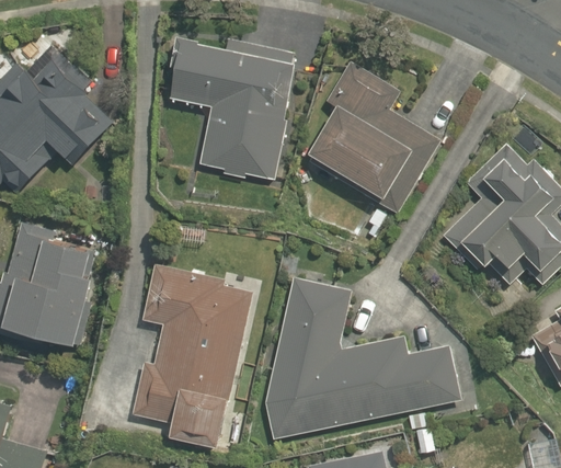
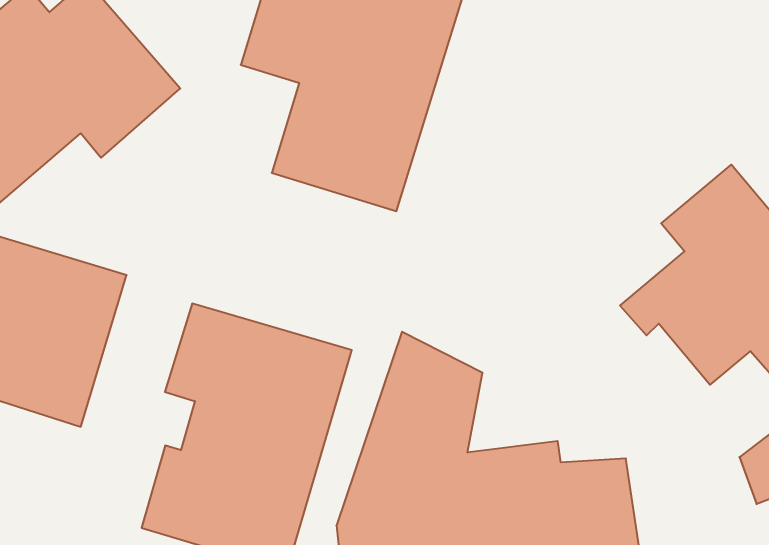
building: [308,58,448,212] -> none

